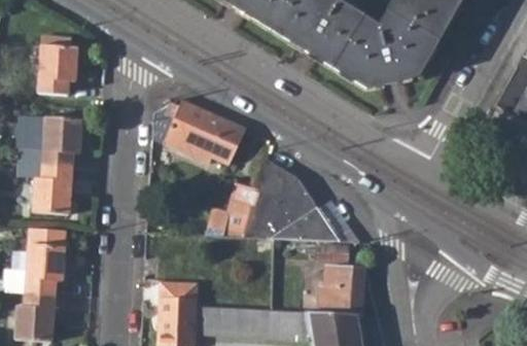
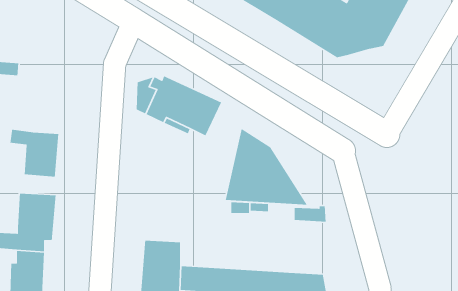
building: [39,37,76,93] -> none
building: [20,120,80,166] -> none
building: [208,186,259,238] -> none
building: [318,268,362,318] -> none

